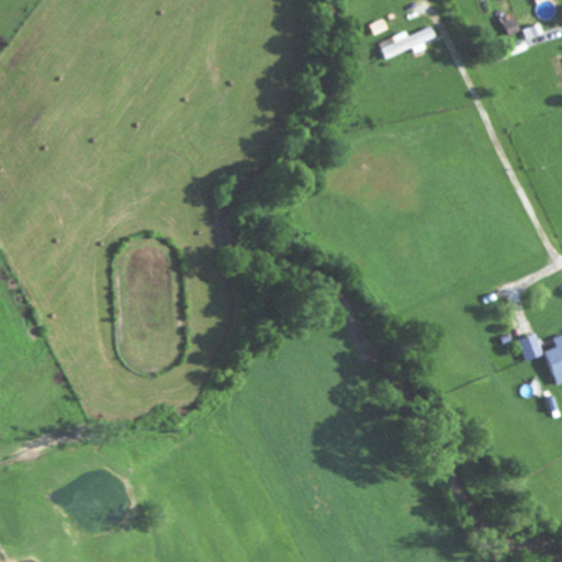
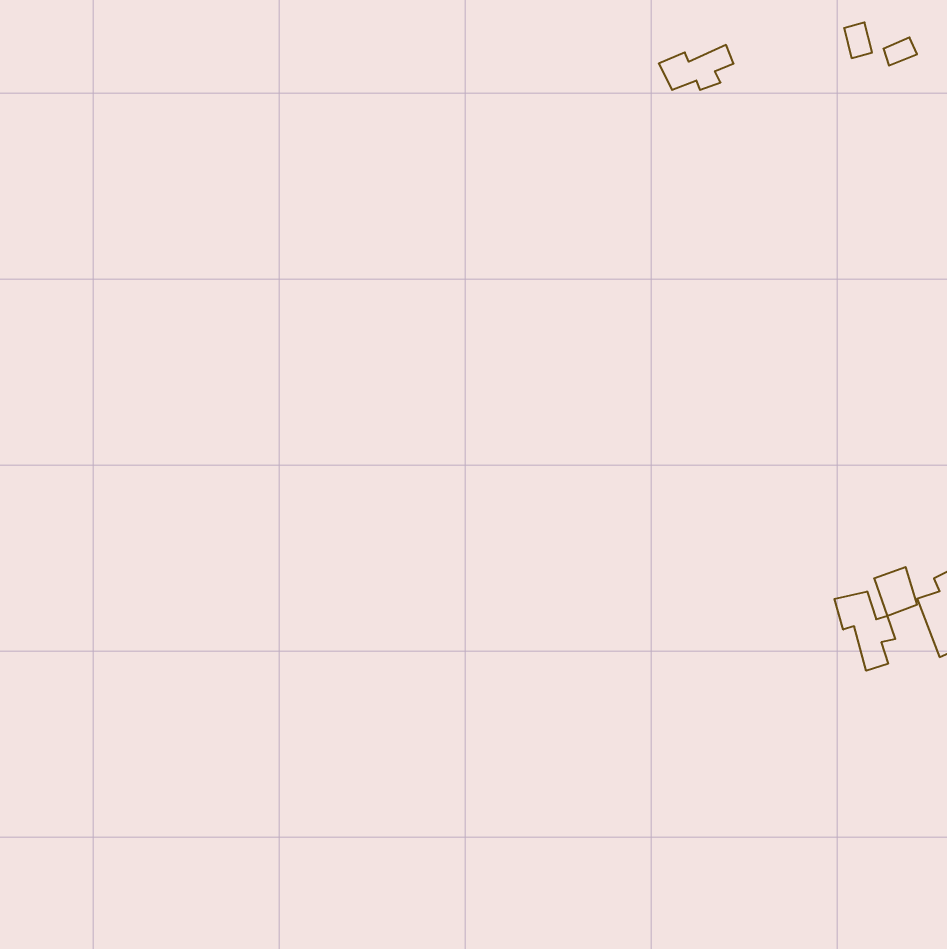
building: none -> [834,591,895,671]

